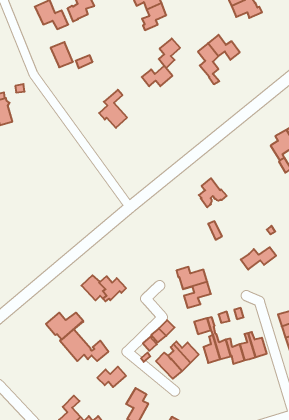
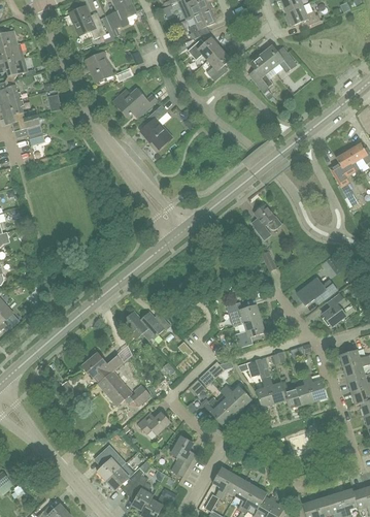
building: [142,66,172,86] -> [187,37,221,60]
building: none -> [113,89,157,117]
building: none -> [322,291,345,326]

